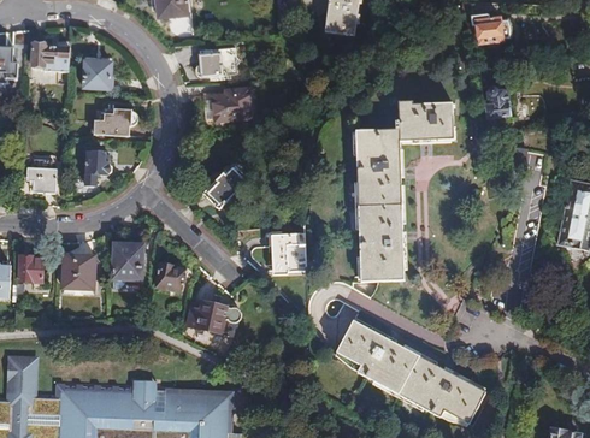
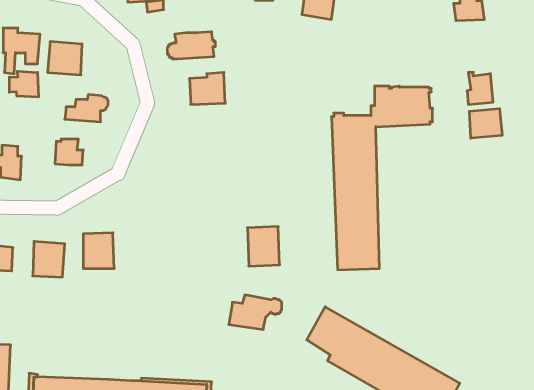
building: none -> [9,71,38,97]
building: none -> [469,109,502,138]
building: [203,170,247,213] -> none
building: [157,264,184,291] -> none
building: [189,303,241,337] -> [229,295,282,329]

